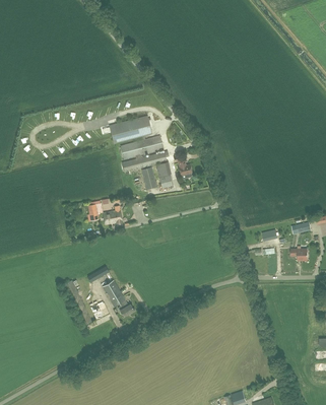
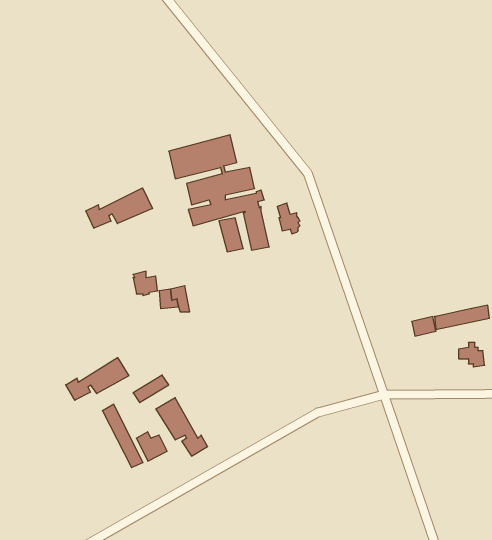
building: none -> [86,188,152,228]
building: none -> [66,358,129,400]

